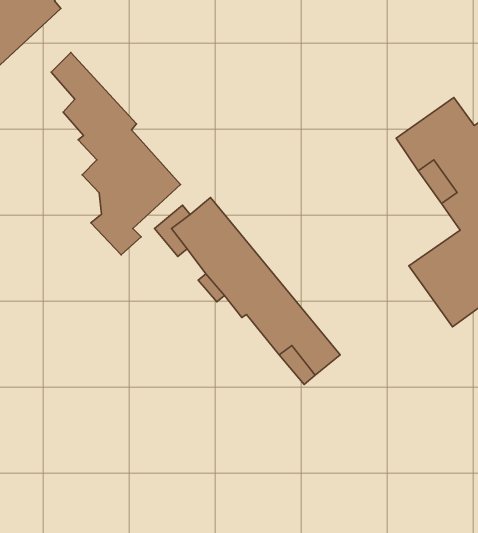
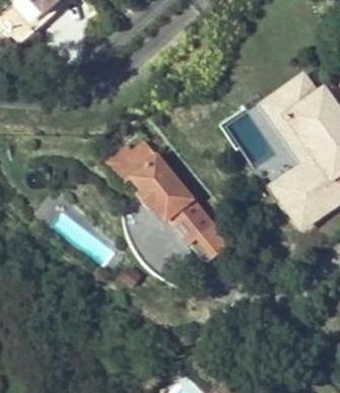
building: [51,53,180,255] -> none

